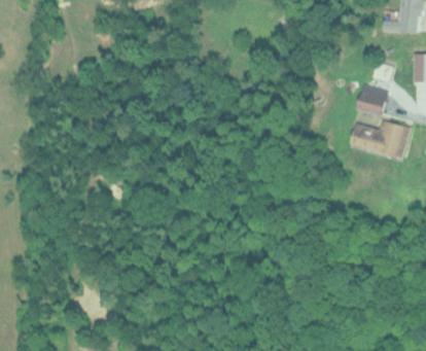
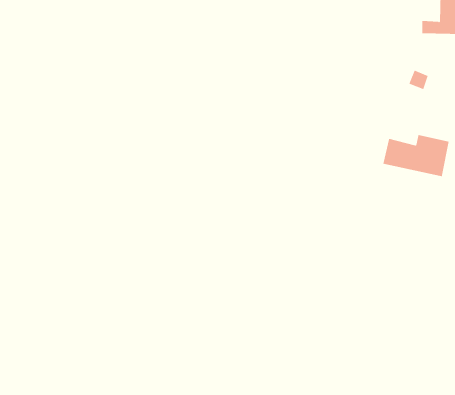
building: [355,83,386,114] -> none

